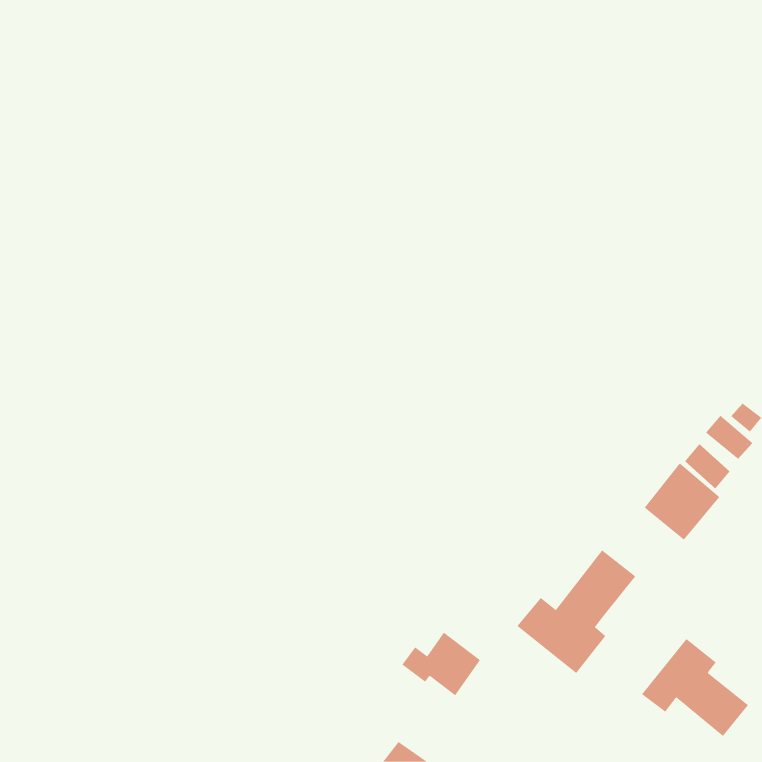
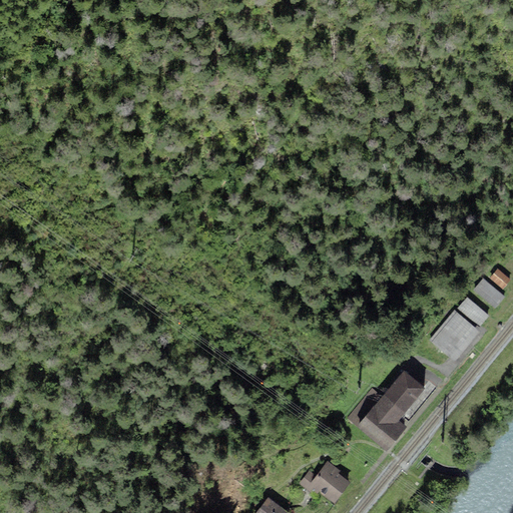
building: [401,632,481,696] -> [299,462,352,505]
building: [641,638,749,737] -> none

